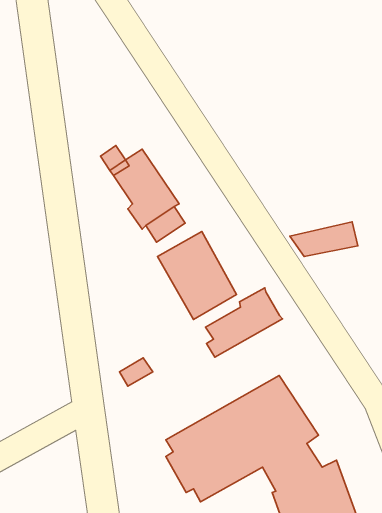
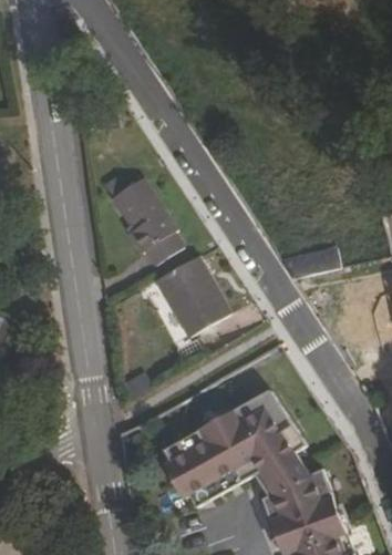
building: [206,288,282,357] -> none

